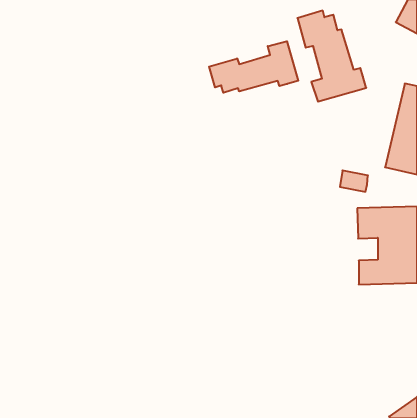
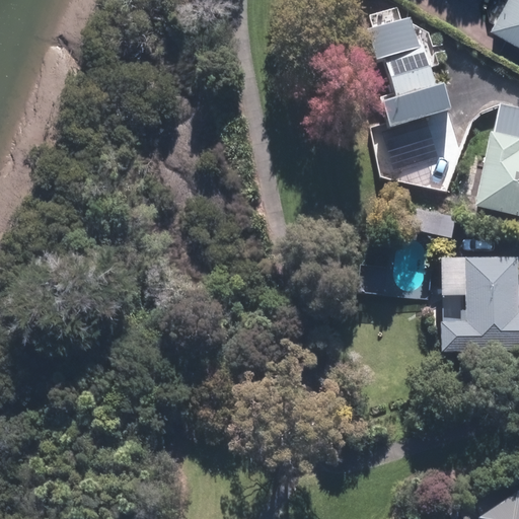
building: [209,41,298,93] -> none
building: none -> [390,124,437,171]

